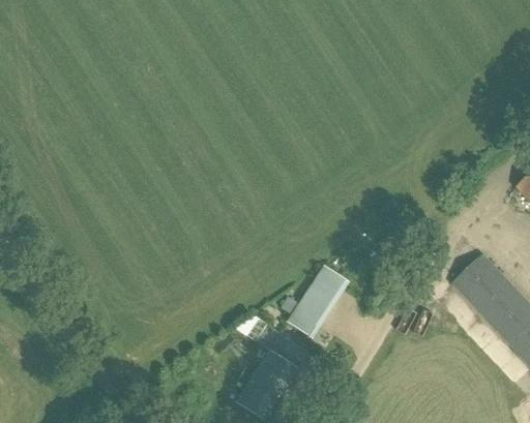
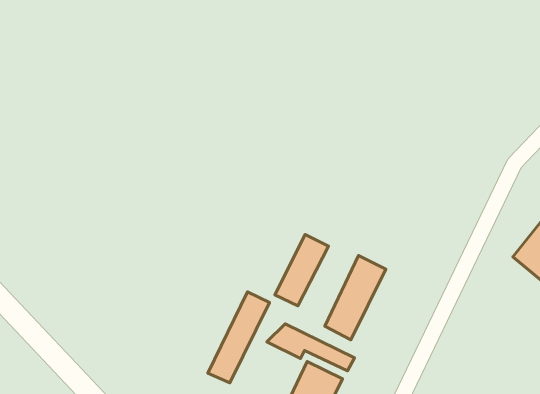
building: none -> [275,234,328,306]
building: none -> [208,292,270,383]

